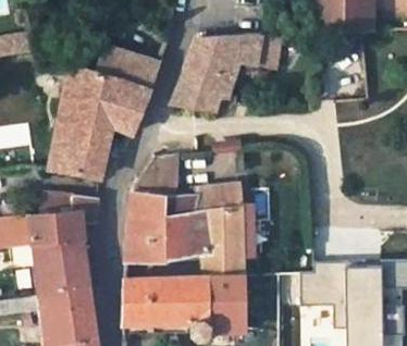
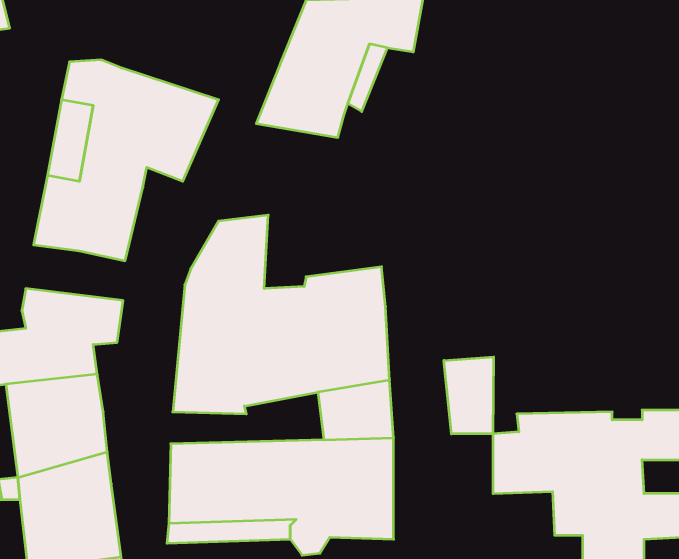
building: [97,46,160,90] -> none
building: none -> [444,357,494,434]

